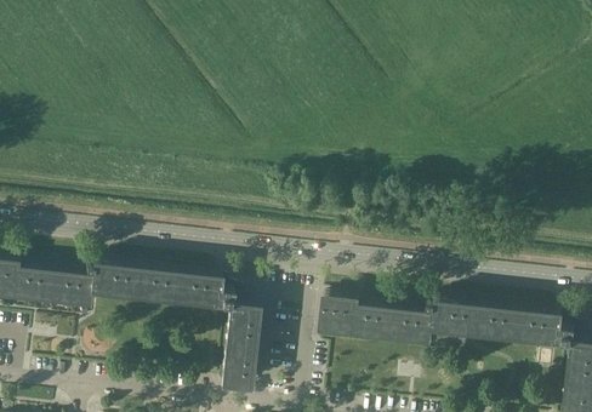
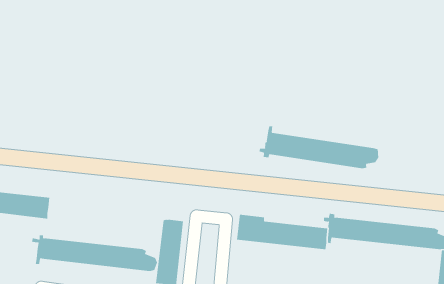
building: none -> [259,126,379,169]
building: [85,259,240,304] -> [31,235,158,272]

